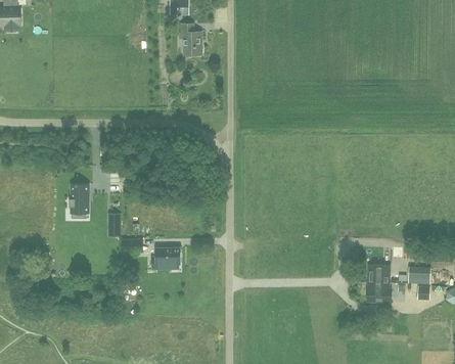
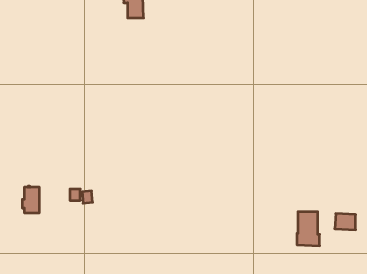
building: [70,183,88,212] -> [22,186,39,213]
building: [155,245,181,268] -> none

